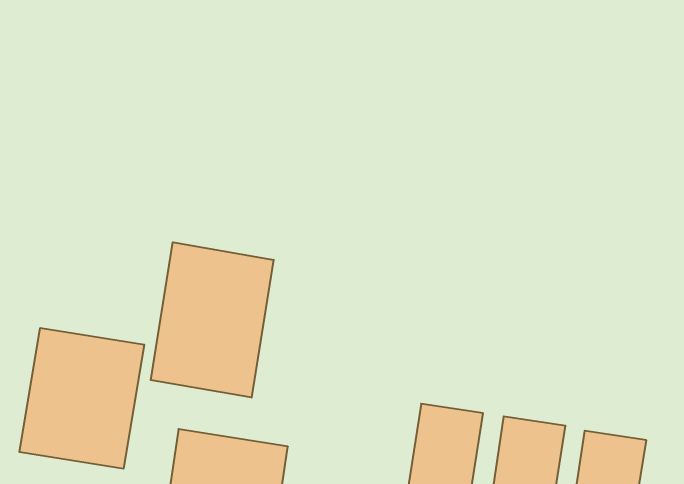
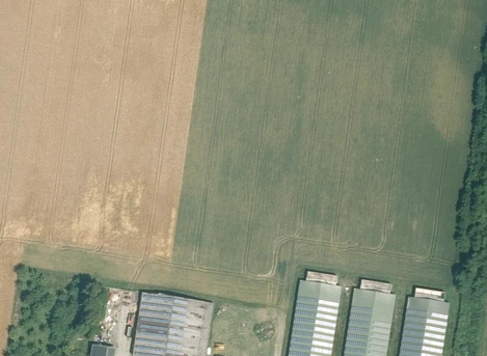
building: [151,242,274,398] -> none
building: [19,328,144,469] -> none

